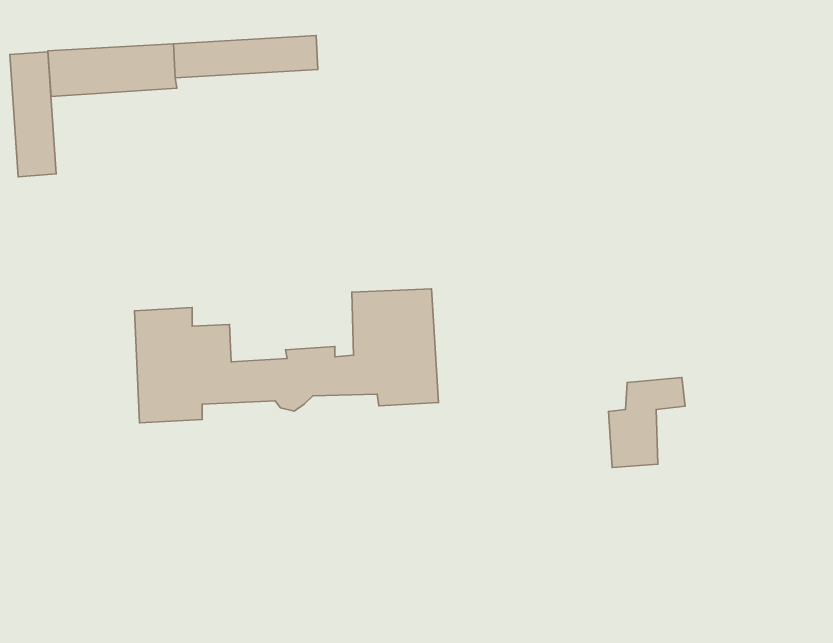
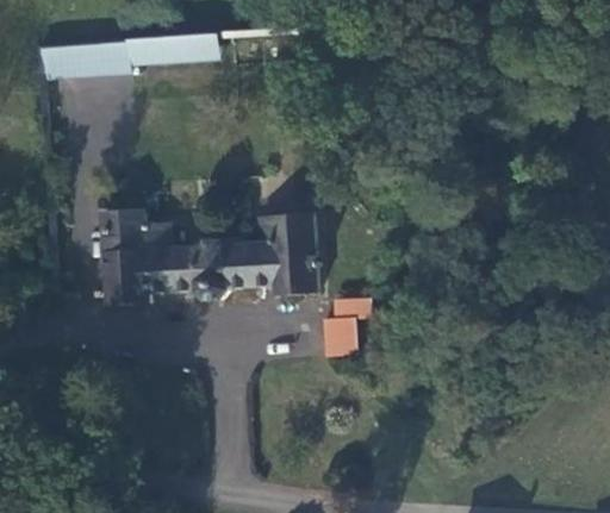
building: [10,52,56,177] -> none
building: [609,377,685,467] -> [319,296,373,359]

